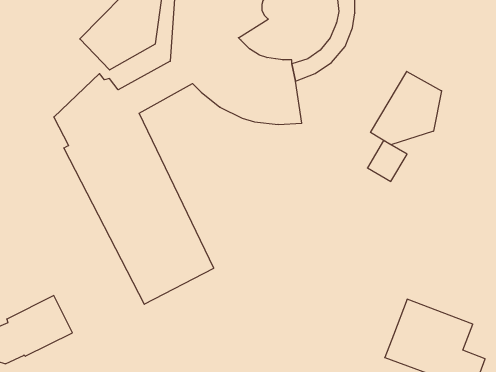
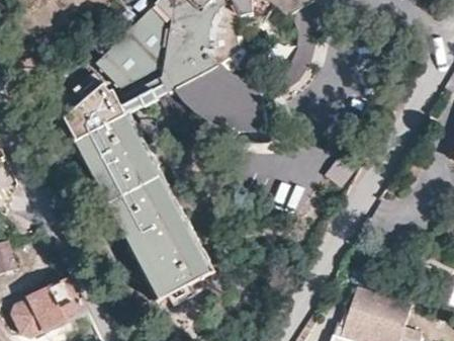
building: [371,71,442,145] -> none
building: none -> [143,252,211,304]

